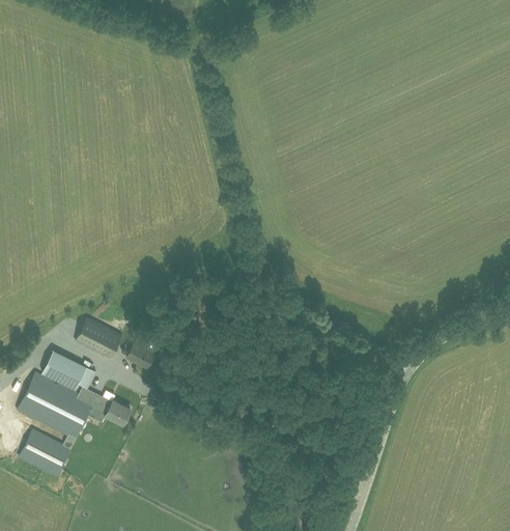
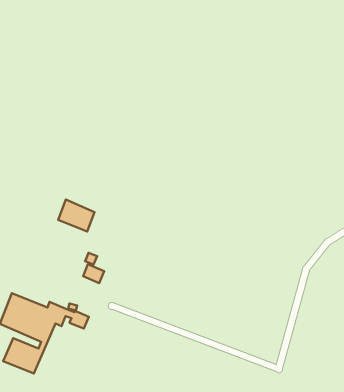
building: [76,316,122,359] -> [58,200,95,232]
building: [41,350,96,390] -> none

